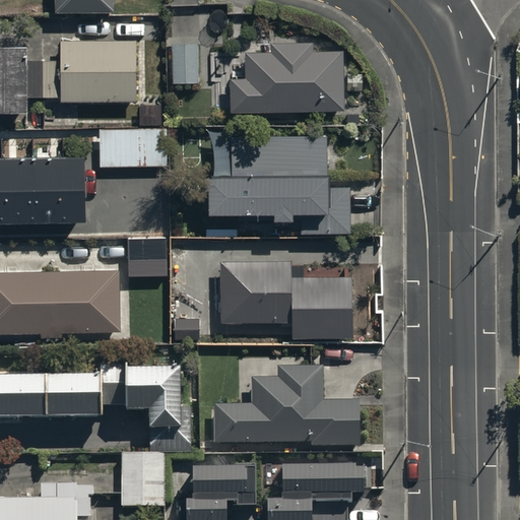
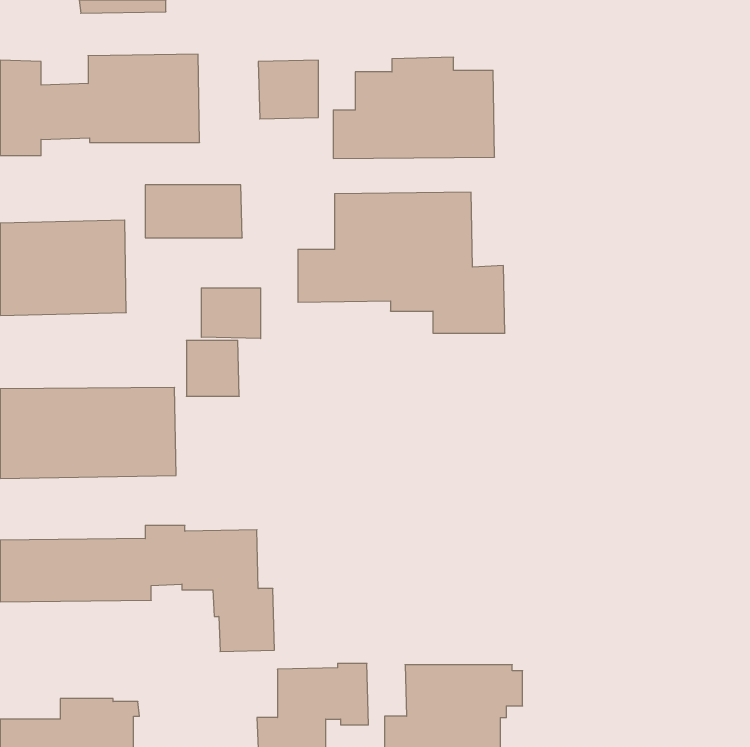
building: none -> [201,288,261,339]
building: [219,261,351,337] -> none
building: [213,368,360,448] -> none
building: [122,455,165,508] -> none

